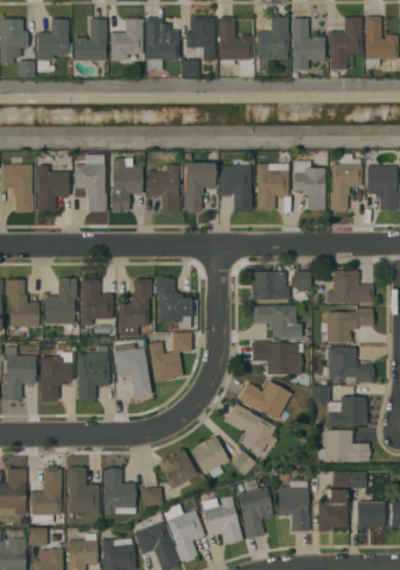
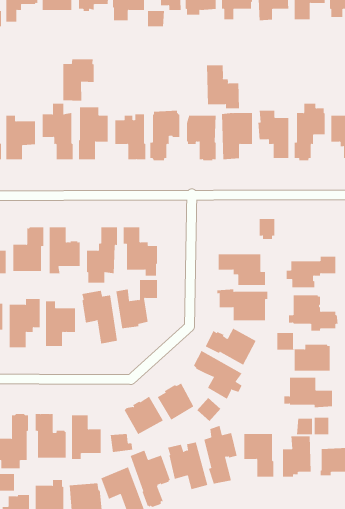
building: none -> [63,58,94,101]
building: none -> [207,64,240,109]
building: [326,270,373,302] -> none
building: [252,271,290,299] -> none

